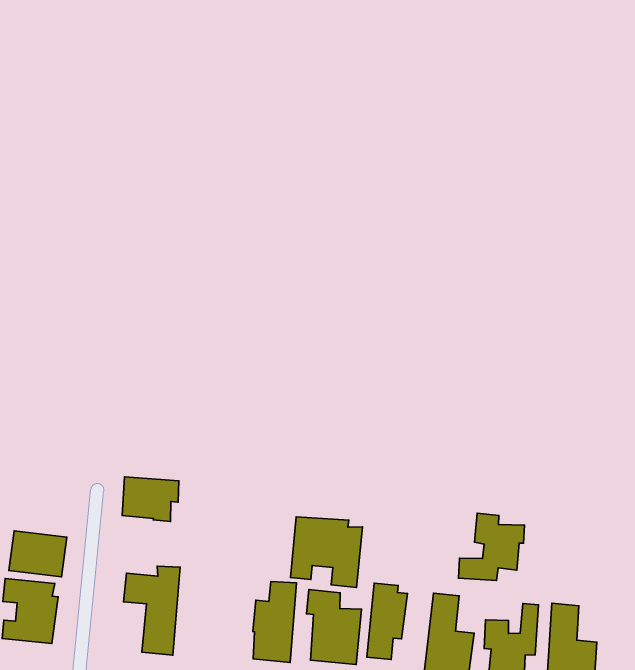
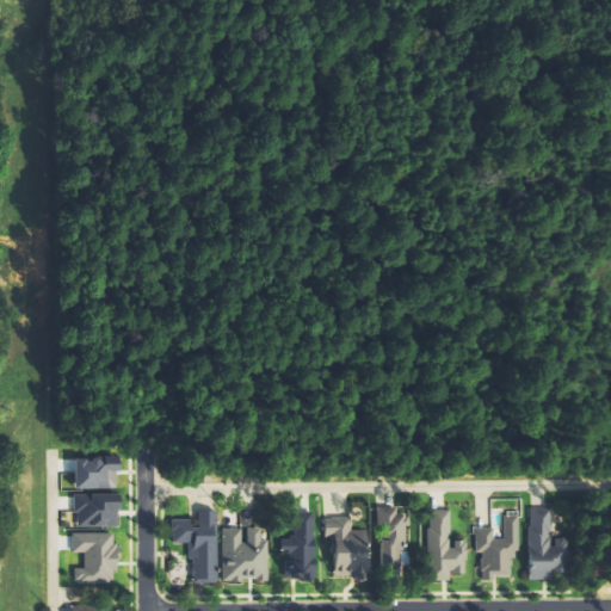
building: [122,477,179,522] -> [74,453,121,488]
building: [459,513,524,581] -> none
building: [290,517,362,587] -> none
building: none -> [221,526,267,580]

